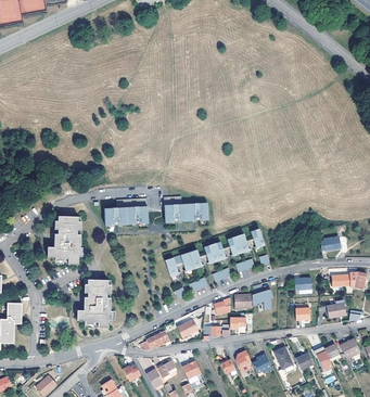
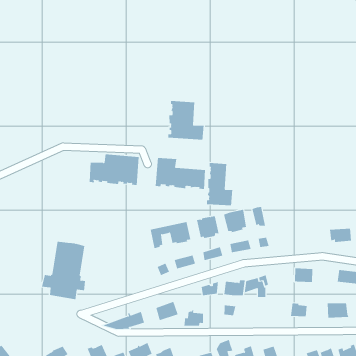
building: none -> [168,100,204,141]
building: none -> [206,162,233,206]
building: [48,216,86,264] -> none

